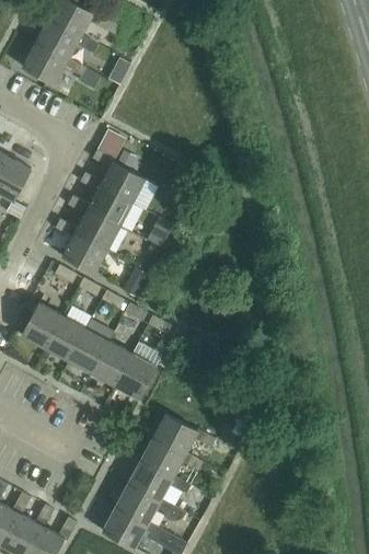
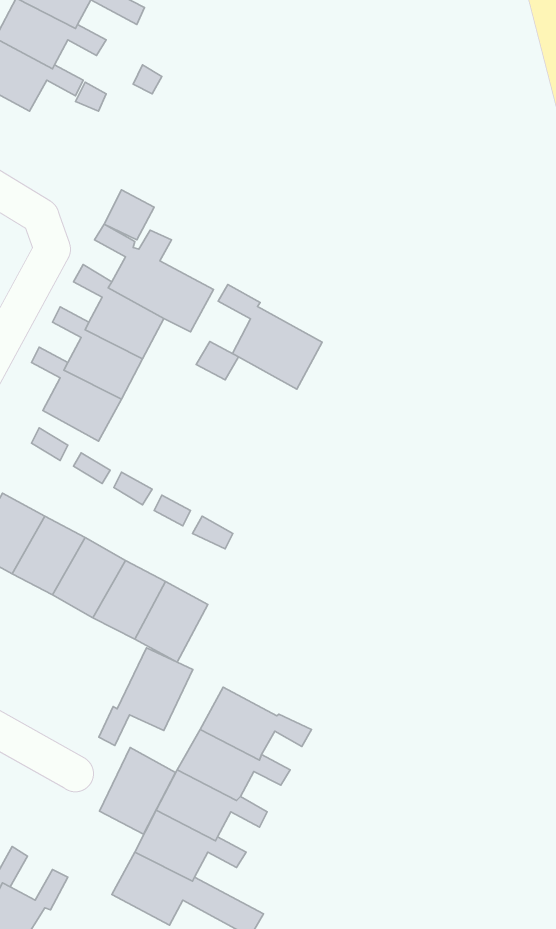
building: none -> [218,285,322,389]
building: none -> [99,648,193,745]
building: none -> [100,748,175,834]

